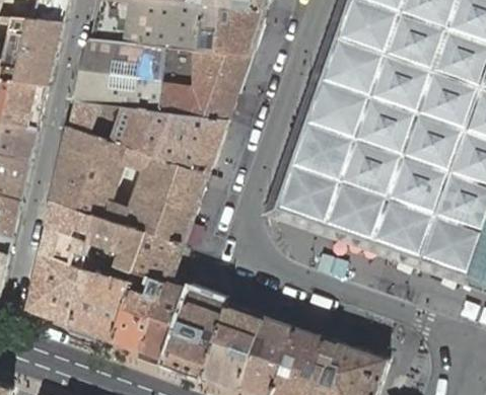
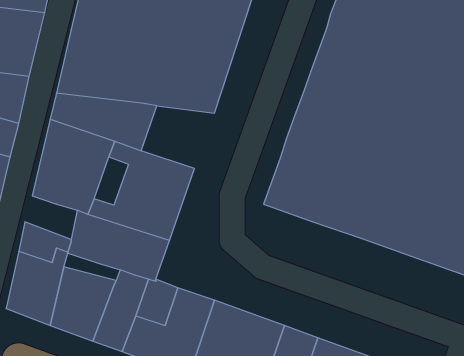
building: [155,112,226,173] -> none
building: [43,200,93,242] -> none

